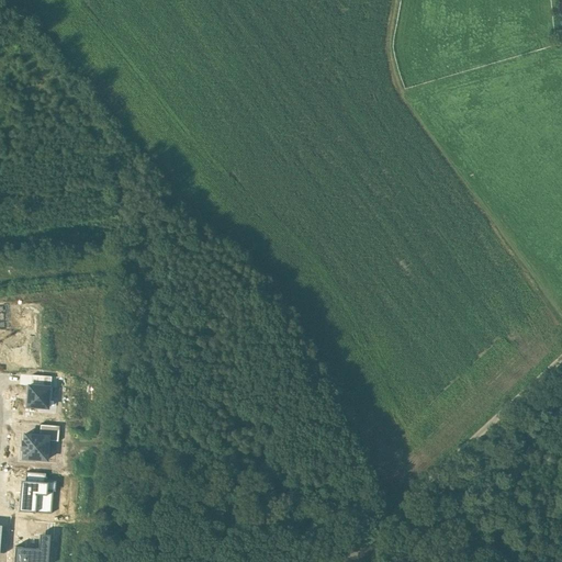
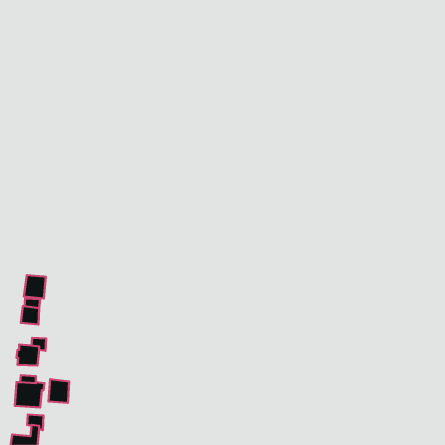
building: none -> [24,275,46,298]
building: none -> [48,379,69,403]

